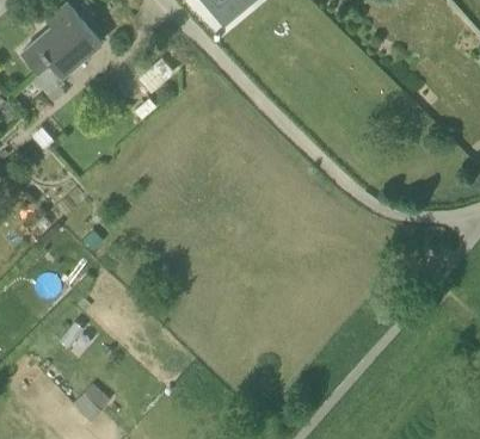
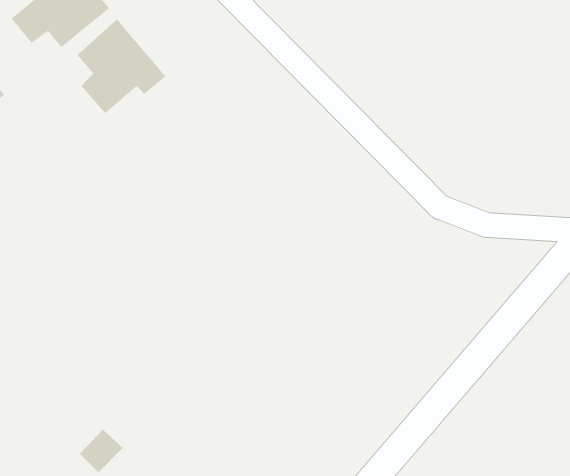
building: none -> [77,19,167,114]

